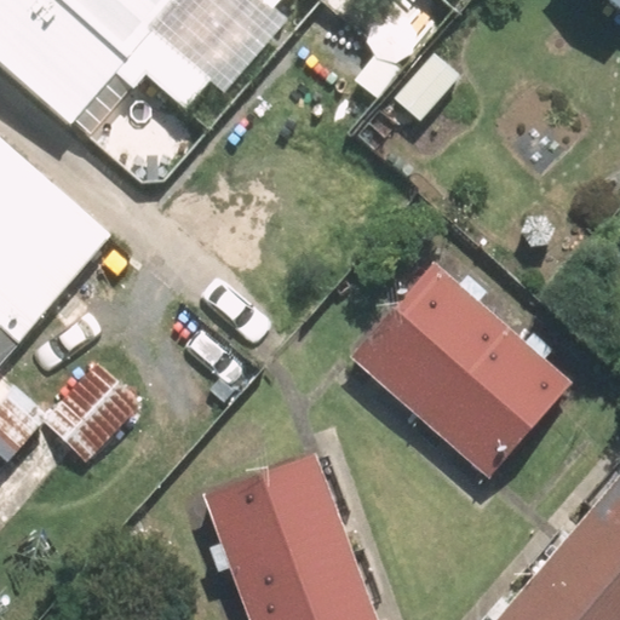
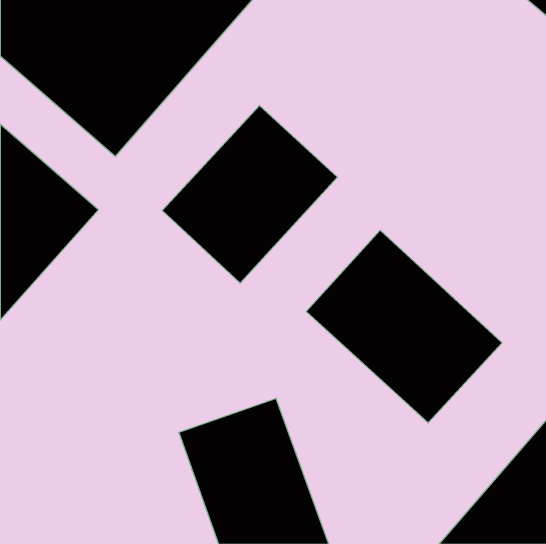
building: none -> [162,105,338,283]

